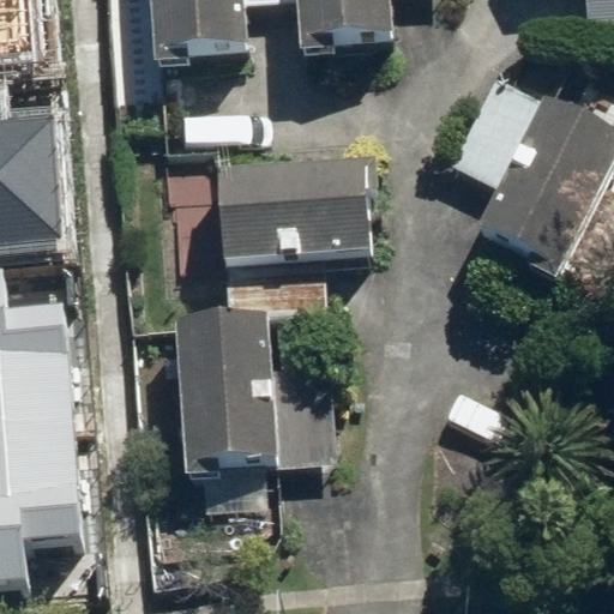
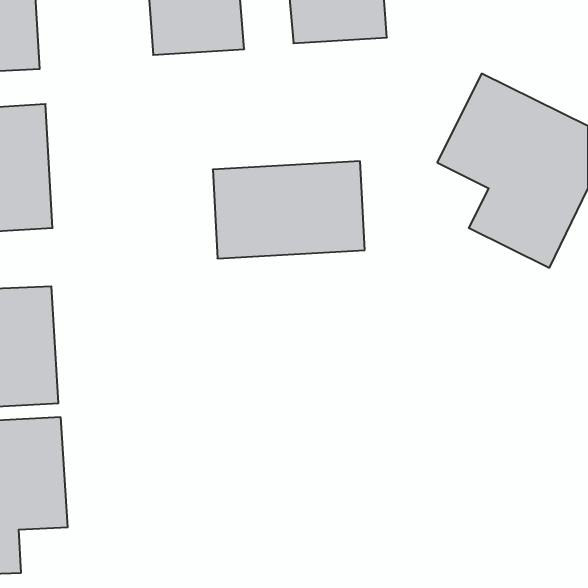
building: [176,317,336,472] -> none

